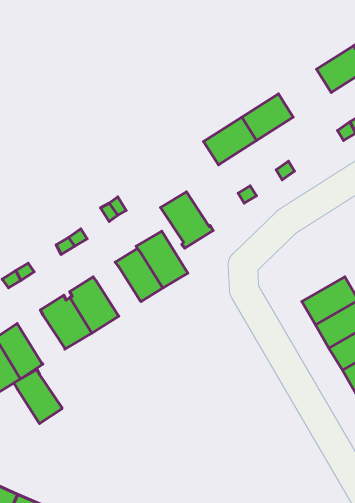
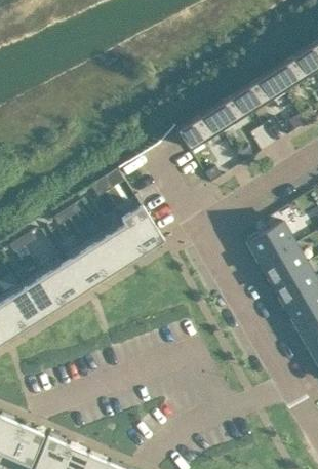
building: none -> [239,69,283,109]
building: [161,192,213,248] -> none
building: none -> [246,220,294,263]
building: none -> [84,230,124,275]
building: [14,369,62,424] -> [21,270,61,315]

